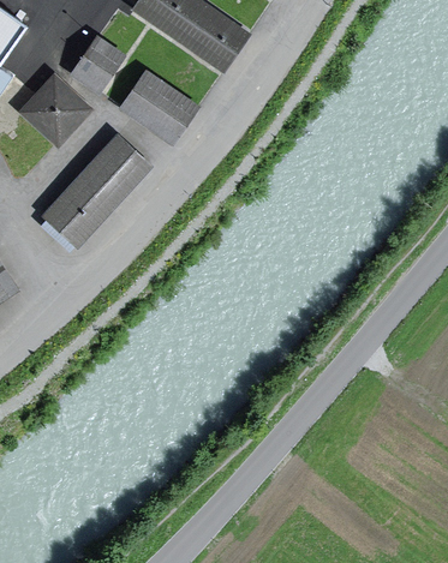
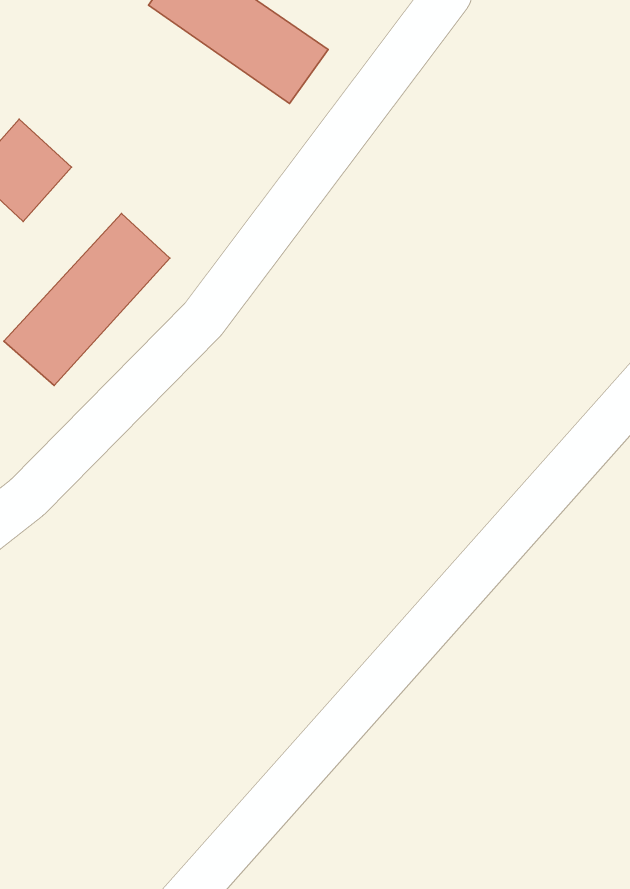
building: [72,41,121,92] -> none
building: [121,74,196,144] -> none

